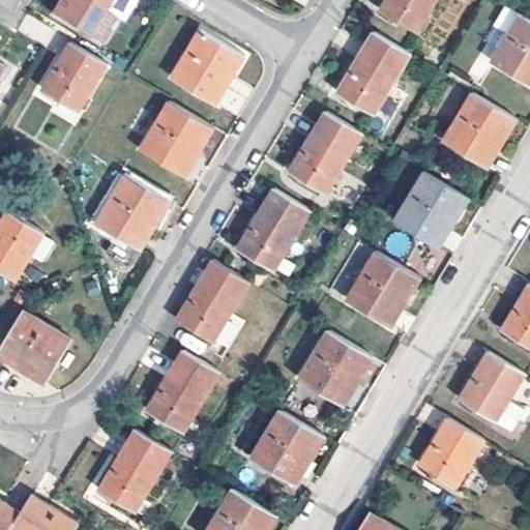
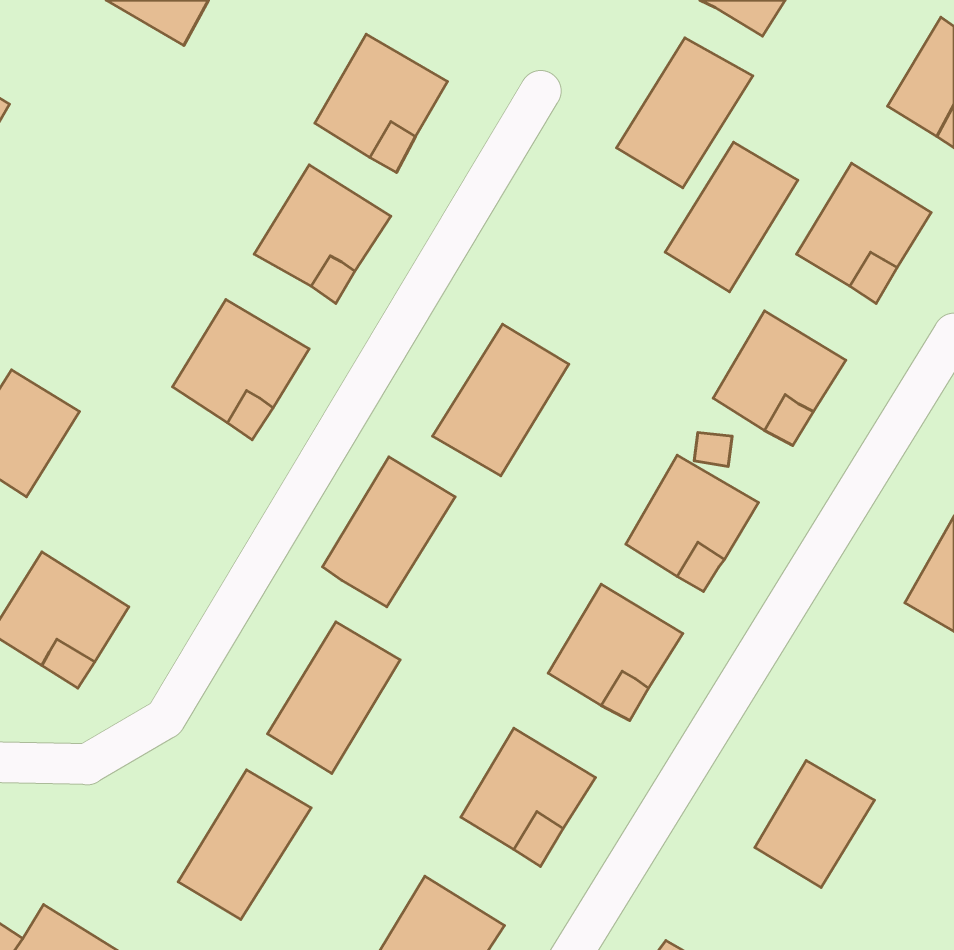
building: [42,41,107,110] -> none
building: [289,112,361,194] -> [665,142,798,292]
building: [451,361,517,430] -> none

